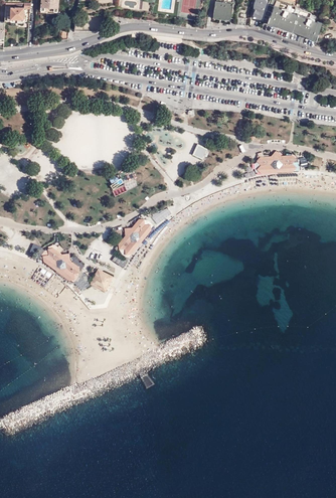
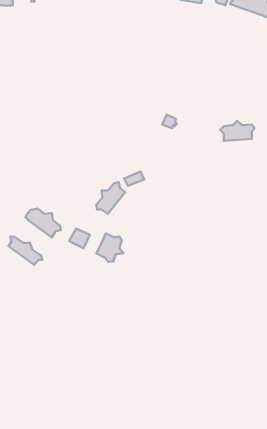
building: none -> [97,234,123,262]
building: none -> [8,236,42,265]

